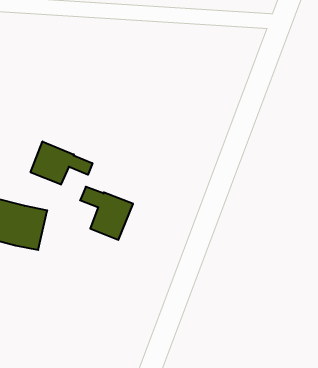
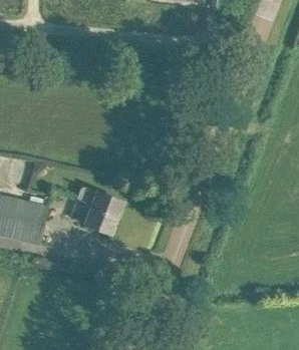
building: [31,141,92,185] -> none

